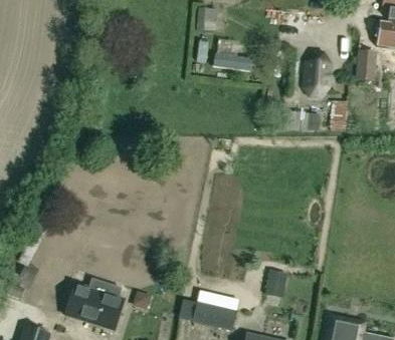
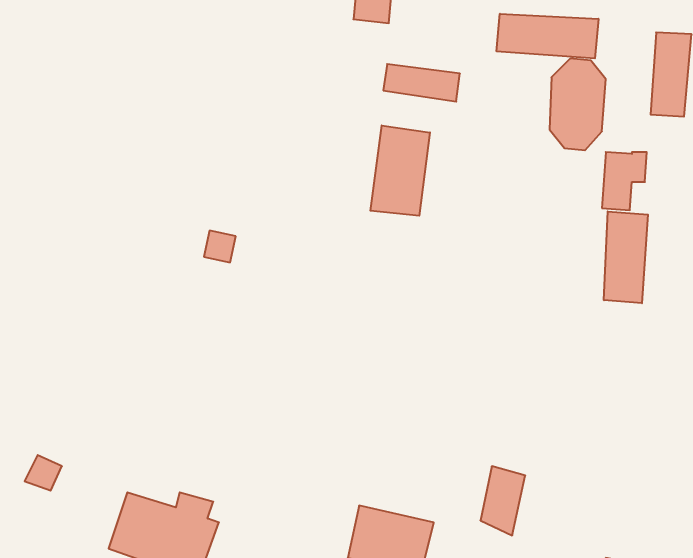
building: none -> [497,14,598,58]
building: none -> [370,125,430,216]
building: none -> [604,211,648,303]

